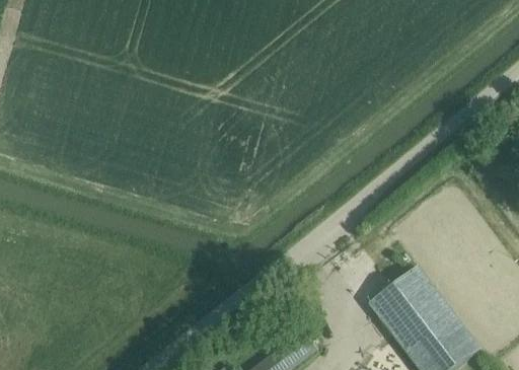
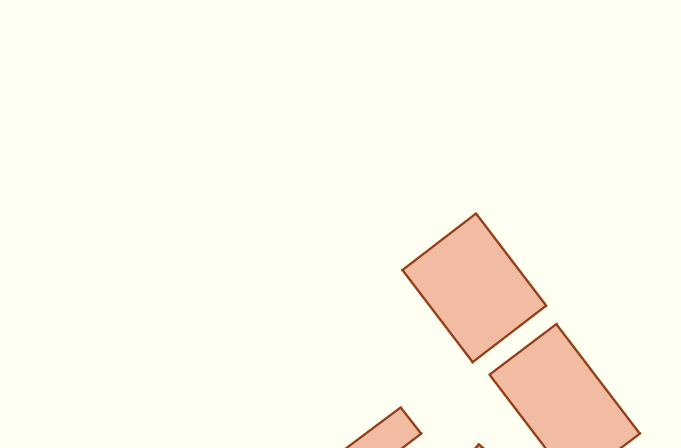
building: none -> [402,214,546,362]

